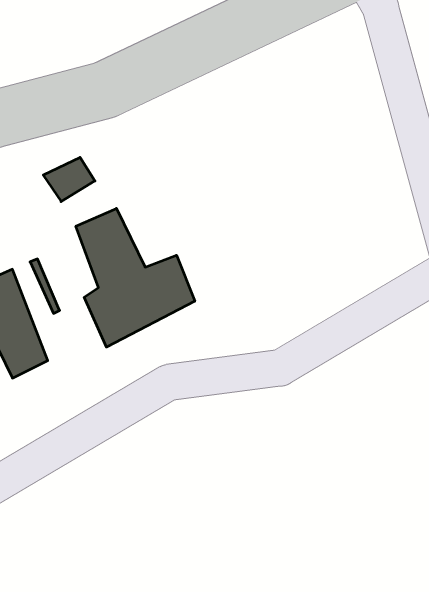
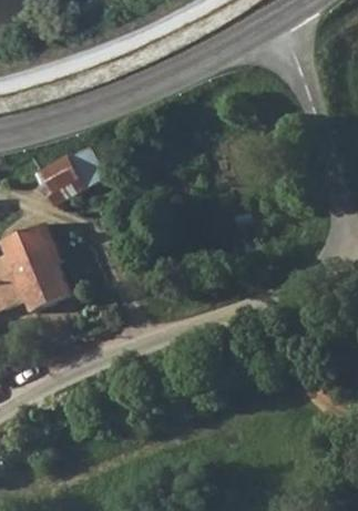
building: [76,208,195,347] -> none

